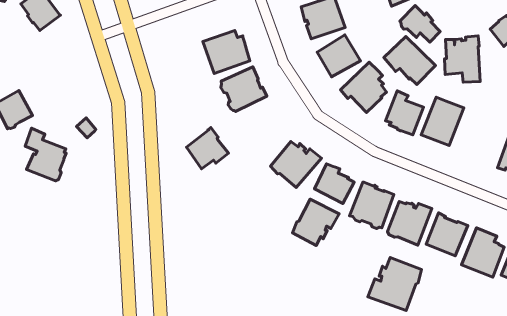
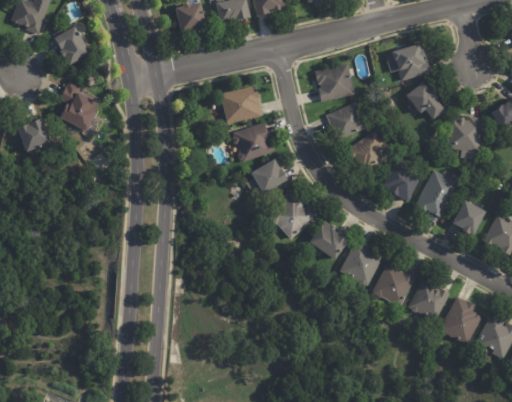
building: [384,37,435,85] -> none
building: none -> [453,201,486,236]
building: [186,127,229,169] -> [251,156,290,194]
building: [25,128,66,181] -> [60,81,99,133]
building: [292,199,339,245] -> none
building: [368,258,422,311] -> none

